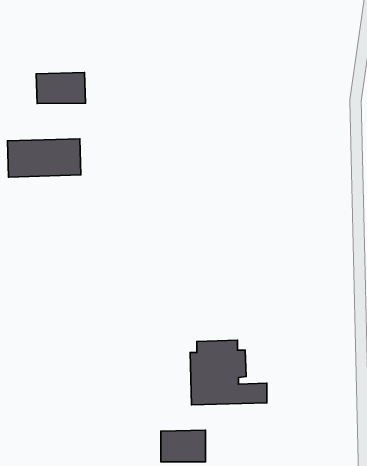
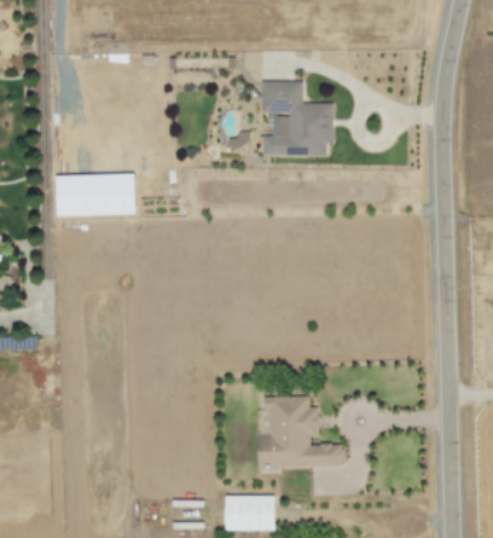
building: none -> [261,80,334,155]
building: [36,72,86,104] -> none

